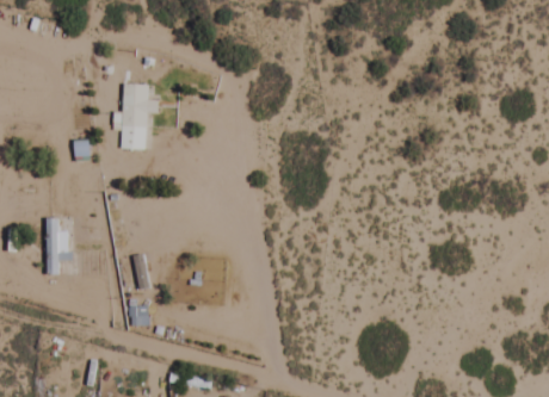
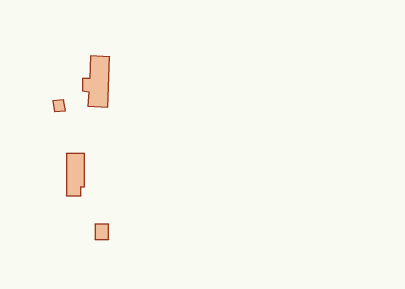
building: [47,218,70,274] -> [66,153,84,196]

